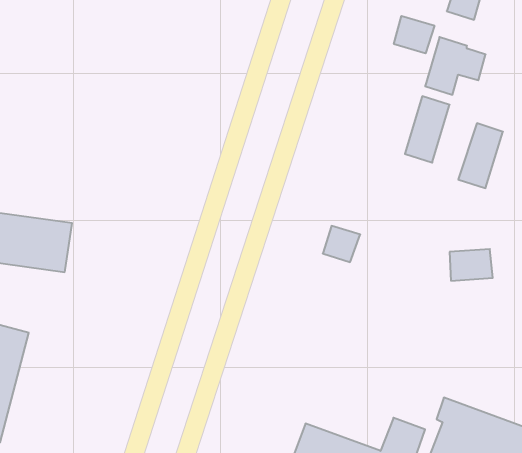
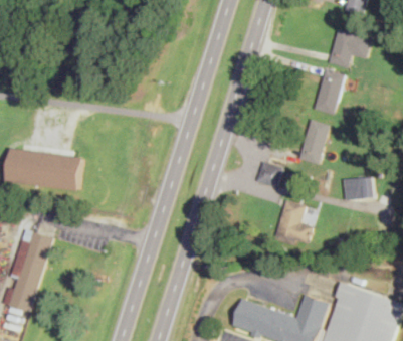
building: [394,16,434,53] -> none
building: [458,123,503,188] -> [298,120,330,165]
building: none -> [275,200,314,244]

